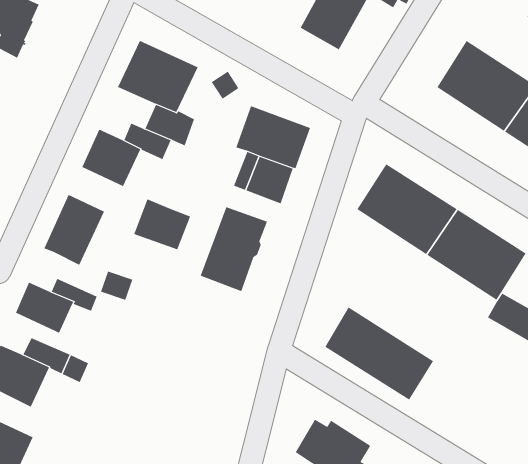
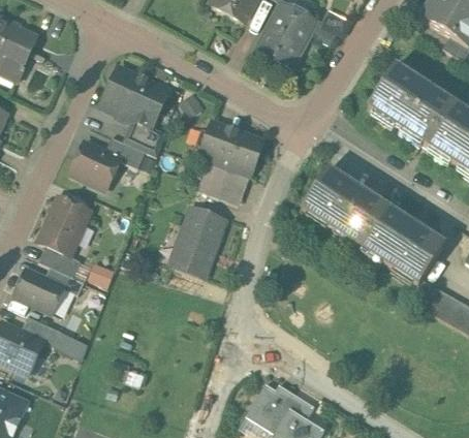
building: [134,198,191,250] -> none
building: none -> [38,244,80,276]
building: [324,307,434,401] -> none

